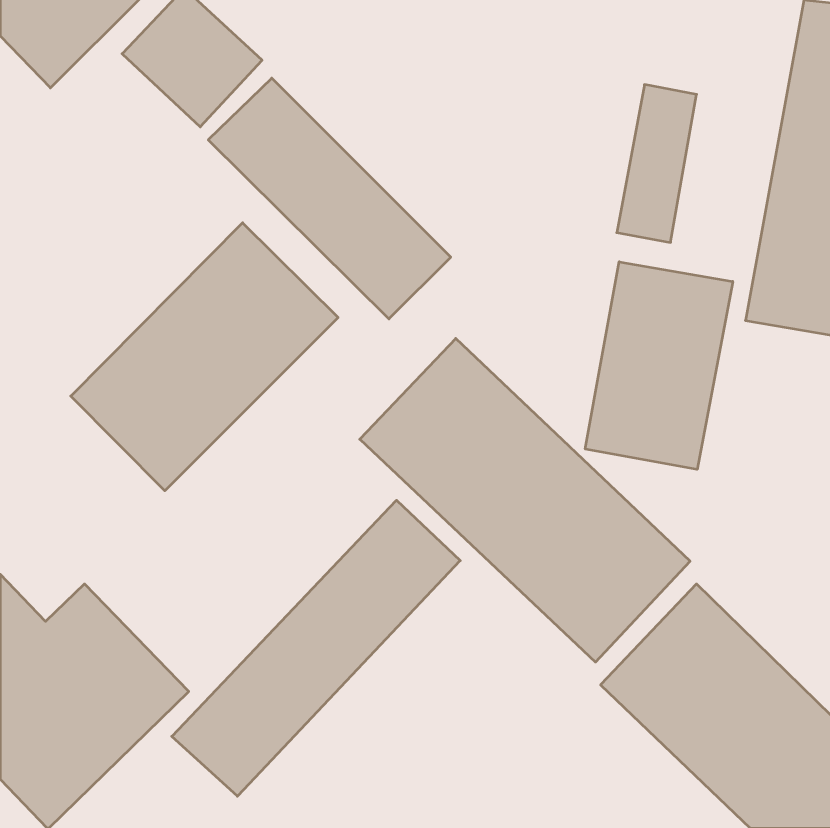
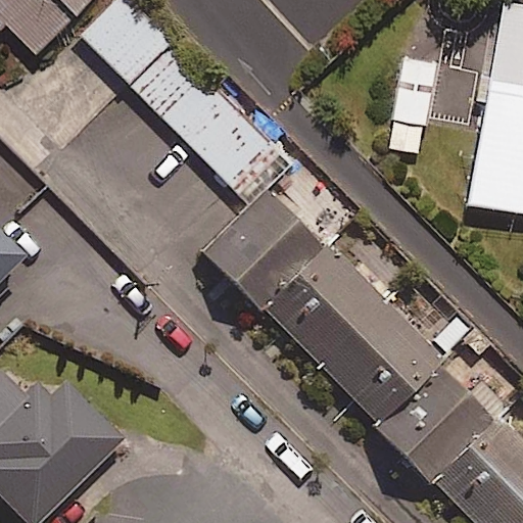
building: [71,223,338,491] -> none
building: [585,262,733,469] -> none
building: [172,500,460,796] -> none

